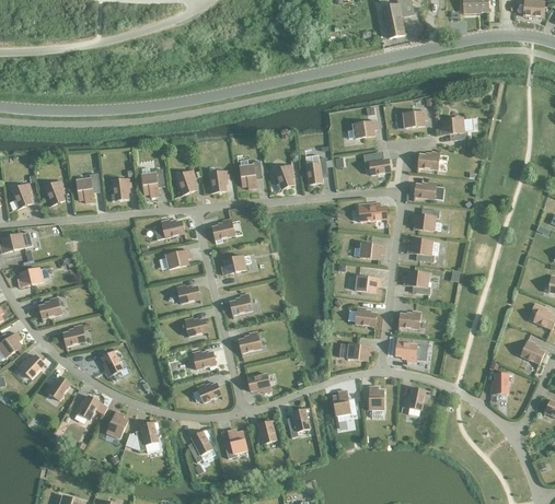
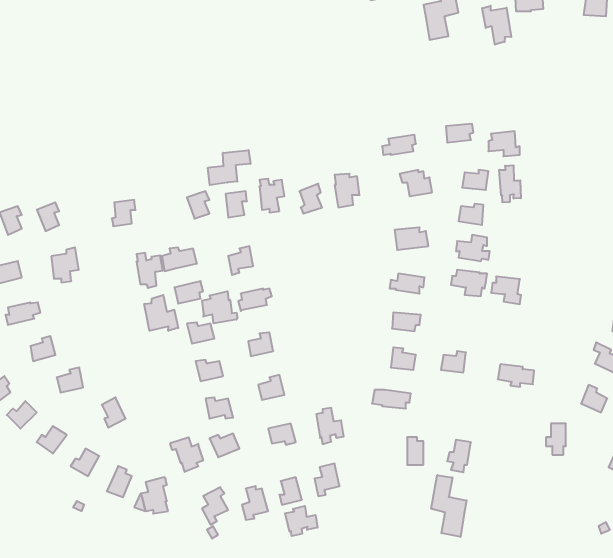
building: none -> [482,6,511,45]
building: none -> [208,150,250,185]
building: none -> [499,165,521,202]
building: [140,166,163,197] -> [136,253,163,288]
building: [76,172,100,202] -> [51,247,79,282]
building: none -> [202,291,238,323]
building: none -> [144,295,178,331]
building: [403,270,429,294] -> [491,277,521,304]
building: [394,341,426,361] -> [498,364,534,387]
building: none -> [170,437,203,472]
building: [332,389,356,421] -> [316,408,344,444]
building: none -> [431,475,467,537]
building: none -> [285,506,318,536]

